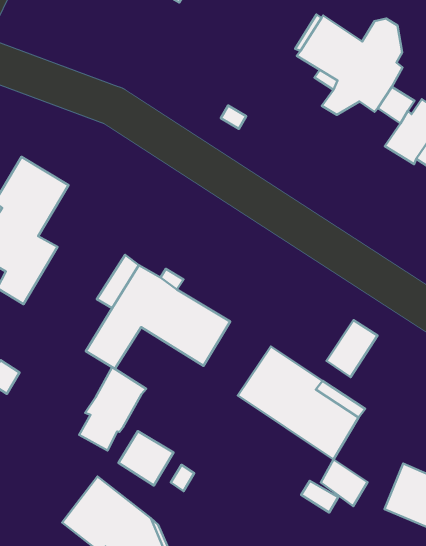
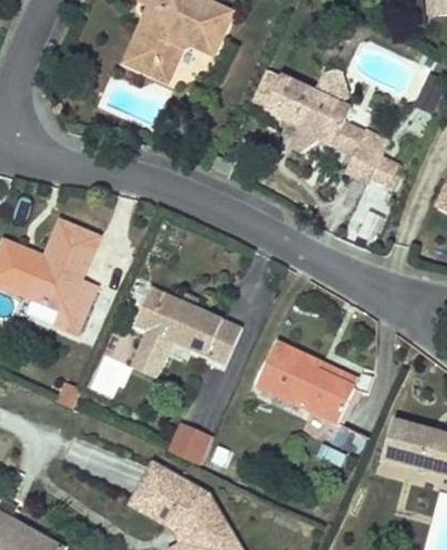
building: [326,320,377,377] -> none
building: [79,367,146,451] -> none

